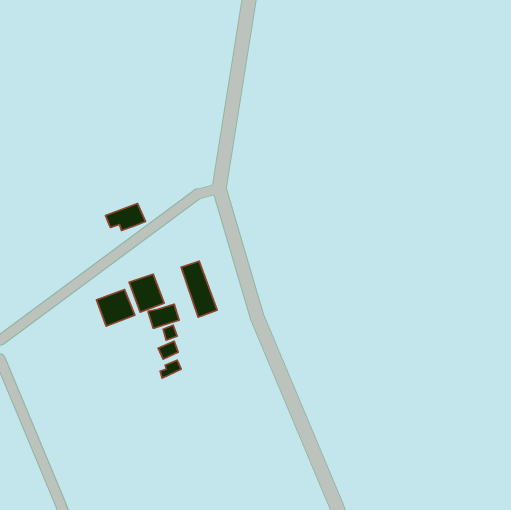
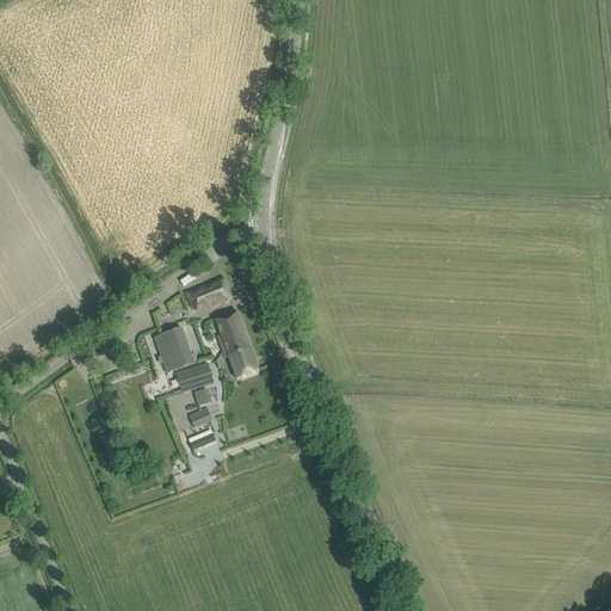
building: [106,204,146,231] -> [185,277,233,309]
building: [96,290,135,326] -> none

